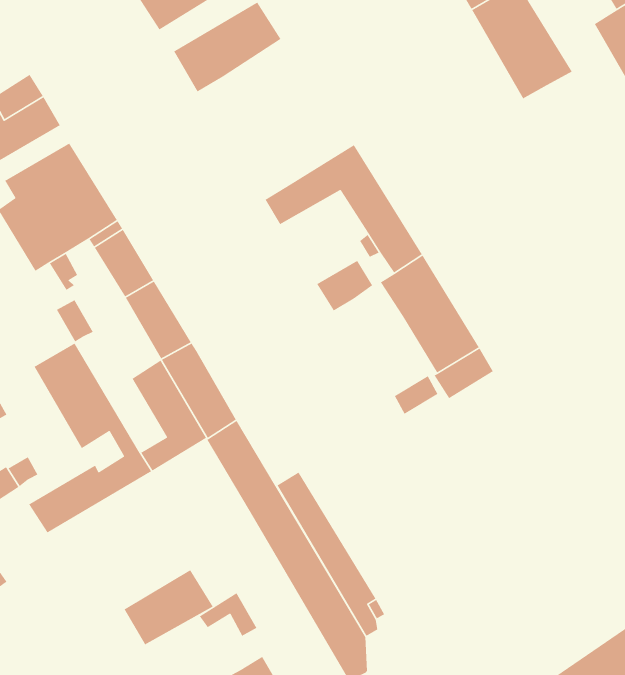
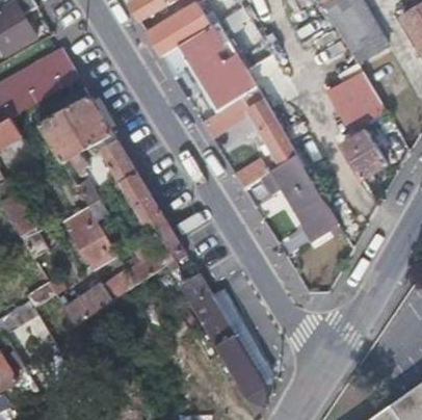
building: none -> [178,24,257,113]
building: none -> [327,69,388,179]
building: [124,569,214,645] -> none

